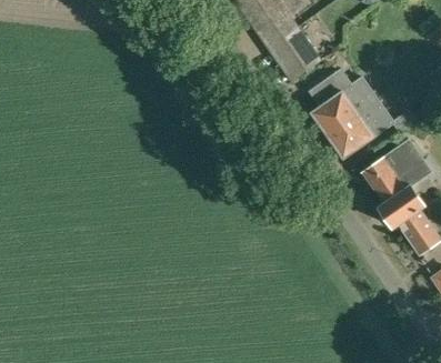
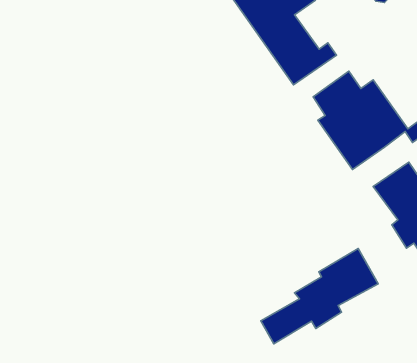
building: none -> [261,249,378,344]

